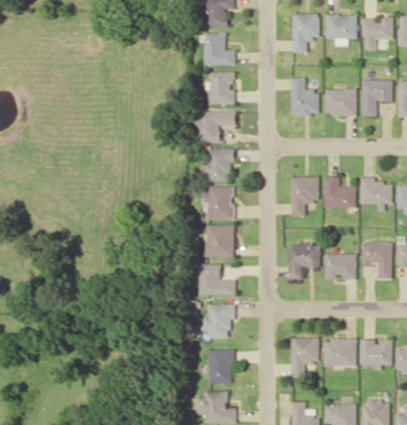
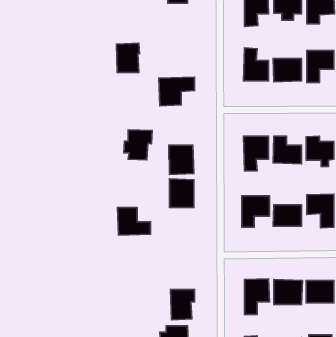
building: [204,33,235,65] -> none
building: [209,71,235,104] -> [116,43,140,73]
building: [203,148,235,182] -> [124,130,152,160]
building: [199,264,236,295] -> [118,208,151,235]
building: [205,304,235,339] -> none

